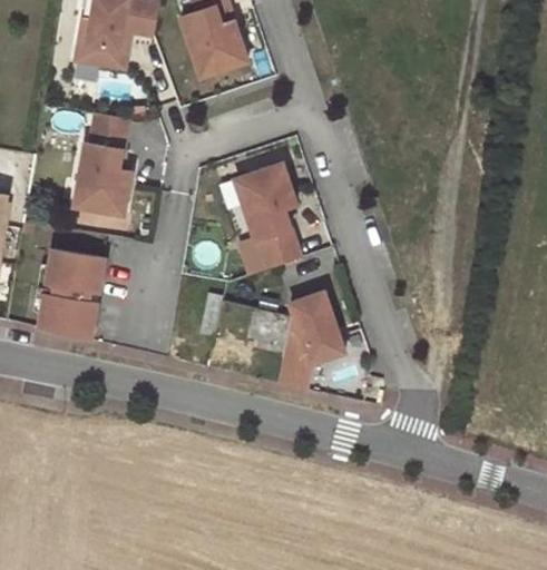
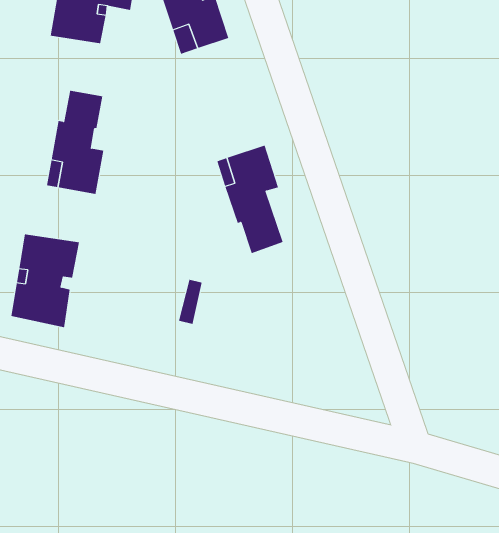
building: [276,293,344,392] -> none

